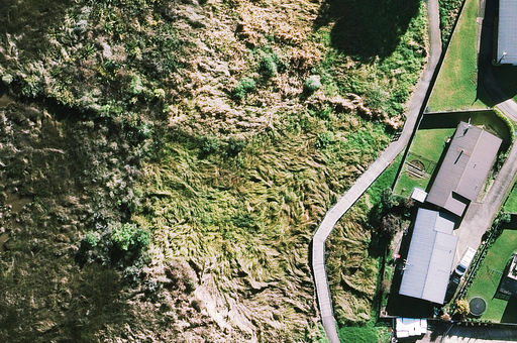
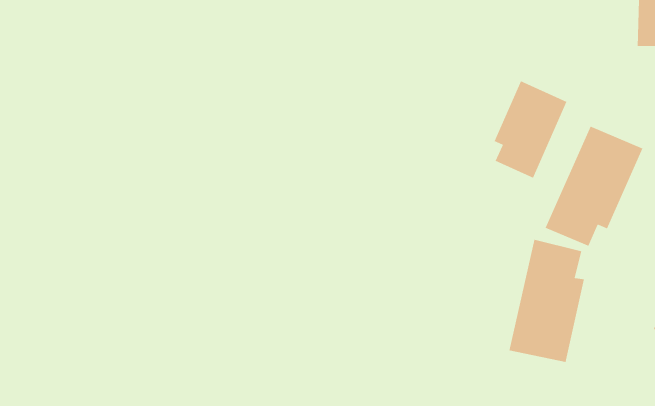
building: none -> [493,80,568,179]

